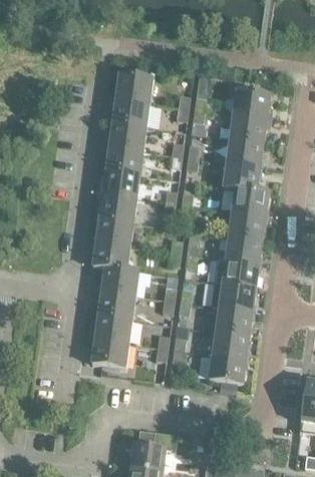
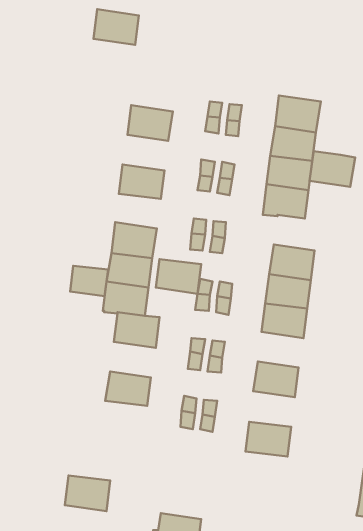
building: [115,74,152,103] -> [93,9,139,45]
building: [108,122,145,151] -> none
building: [102,170,139,198] -> [156,259,201,294]
building: [232,187,269,216] -> [310,151,355,187]
building: none -> [70,266,108,296]
building: [219,283,256,312] -> none
building: [98,291,135,320] -> none
building: [212,331,249,360] -> none
building: [91,339,128,368] -> [65,476,110,511]

